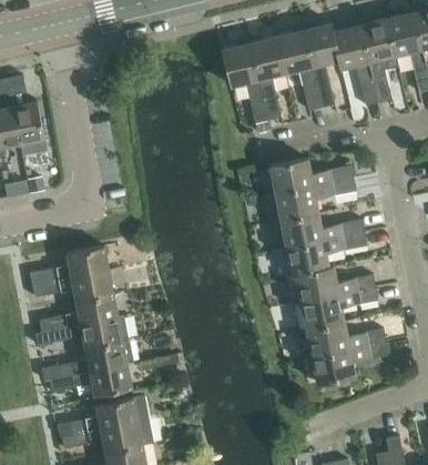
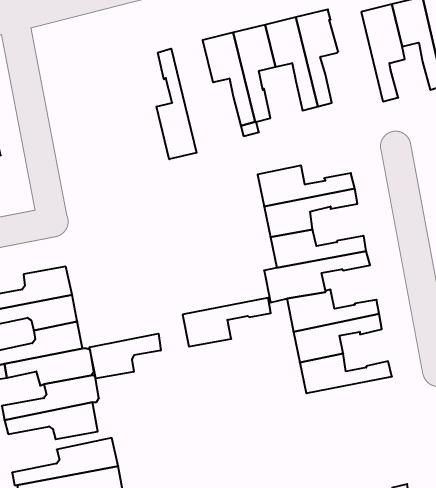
building: [332,26,378,107] -> none
building: none -> [156,49,197,159]
building: none -> [90,334,161,379]
building: [312,342,388,384] -> [183,298,271,347]

